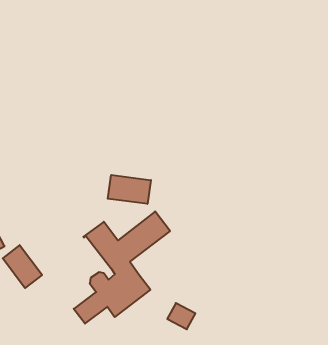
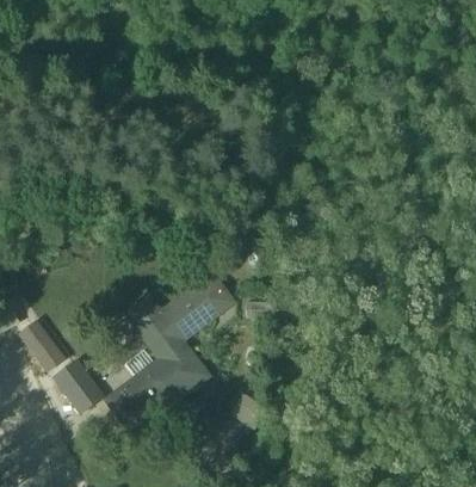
building: [108,175,151,204] -> none
building: none -> [52,359,126,421]

